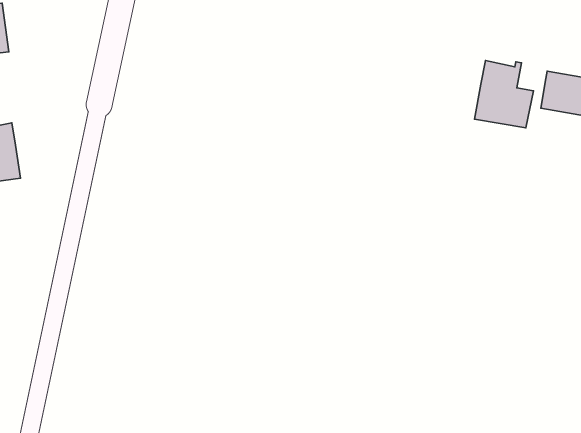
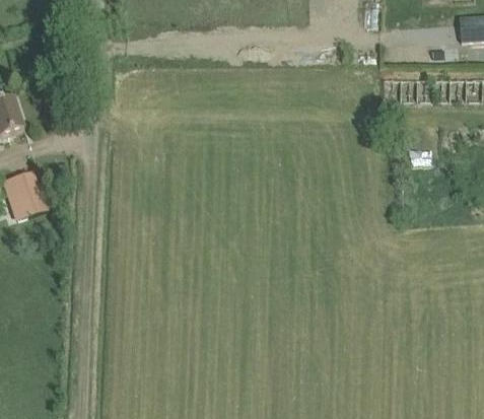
building: [475,61,533,128] -> none

